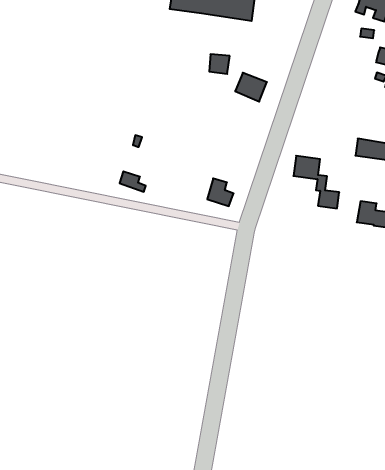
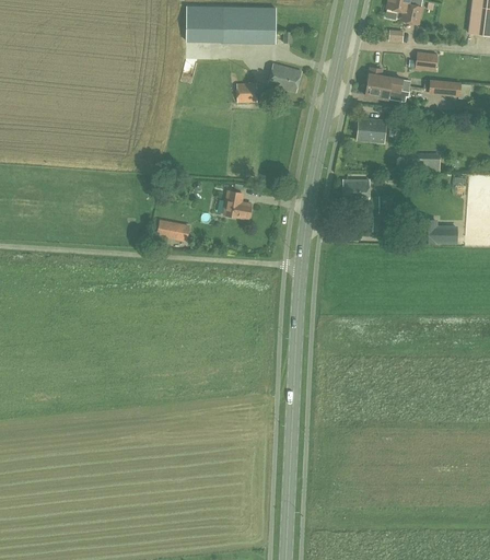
building: none -> [365,67,409,101]
building: [235,73,267,102] -> [268,63,301,92]
building: none -> [357,117,386,142]
building: [207,178,234,206] -> [224,190,252,218]

